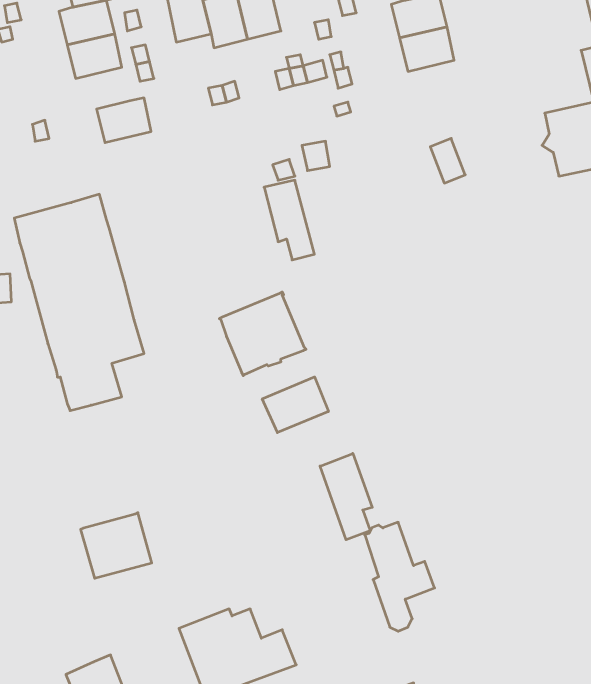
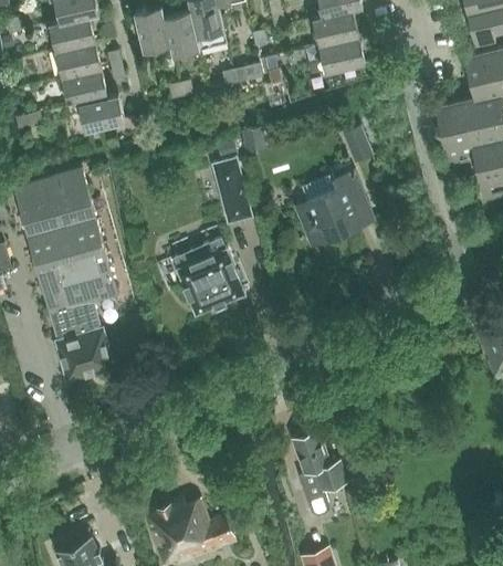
building: none -> [63,69,106,104]
building: none -> [296,170,373,242]
building: [262,377,328,433] -> none
building: [320,453,372,540] -> none
building: [81,513,152,578] -> [56,328,113,380]

